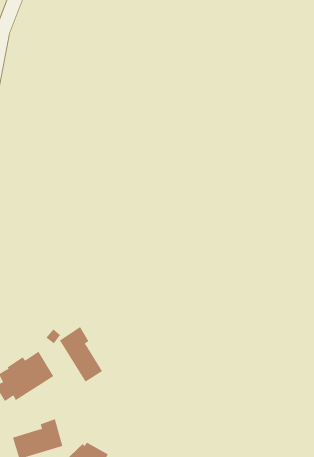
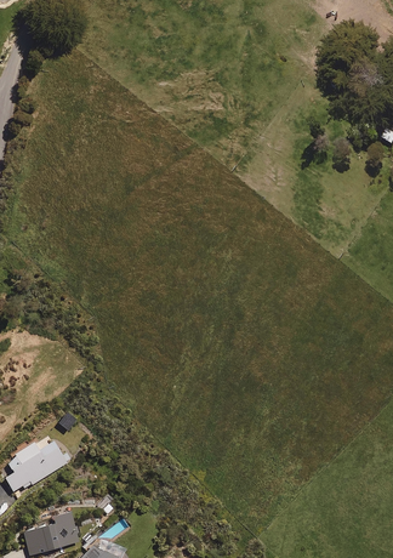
building: [59,326,103,383] -> none

